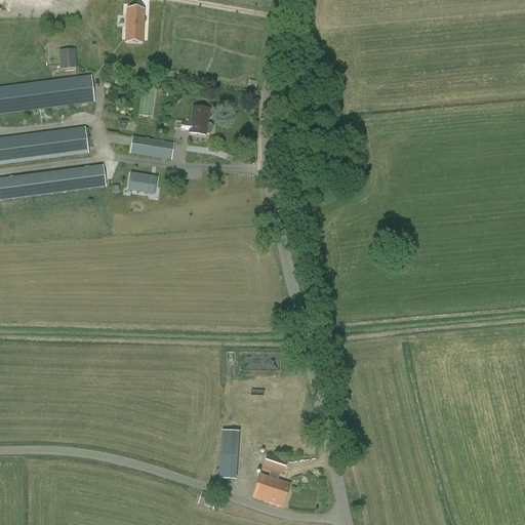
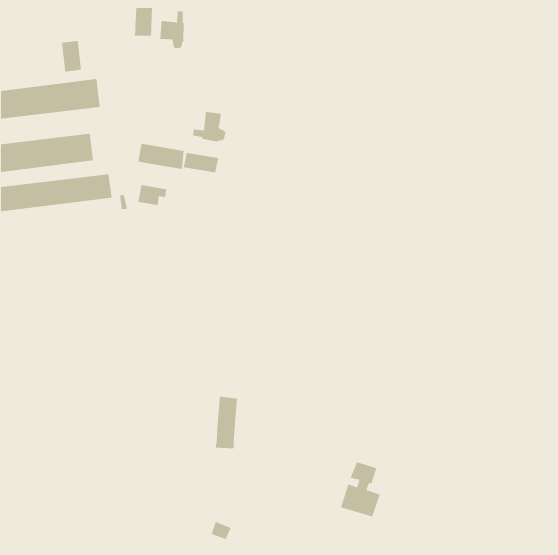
building: none -> [160,10,184,49]
building: none -> [183,152,219,173]
building: [217,429,239,478] -> [215,396,238,449]
building: [252,452,290,504] -> [340,462,380,517]

